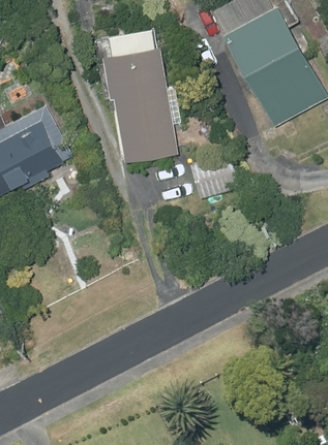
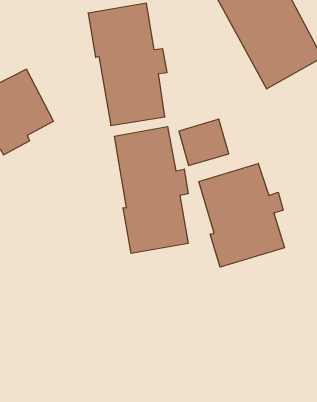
building: none -> [115,127,188,253]
building: none -> [199,163,284,267]

